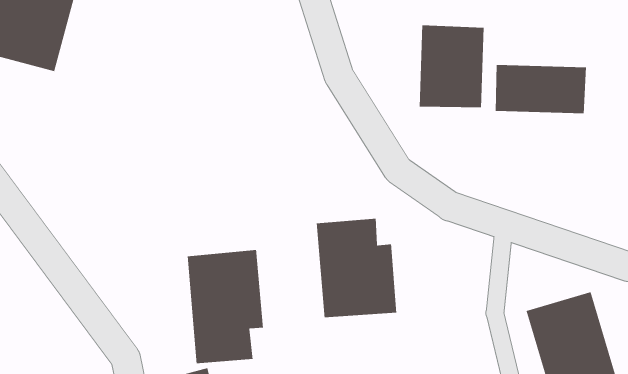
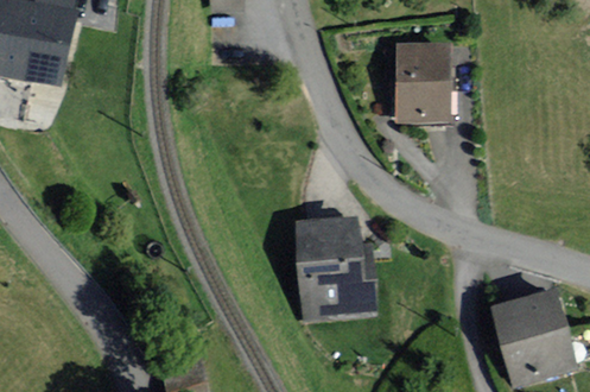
building: [495,64,587,114] -> none
building: [187,249,264,364] -> none

